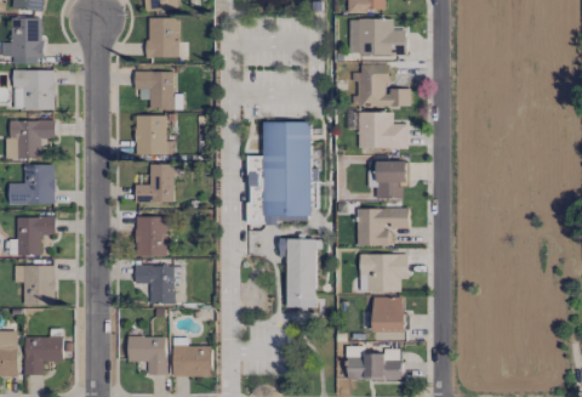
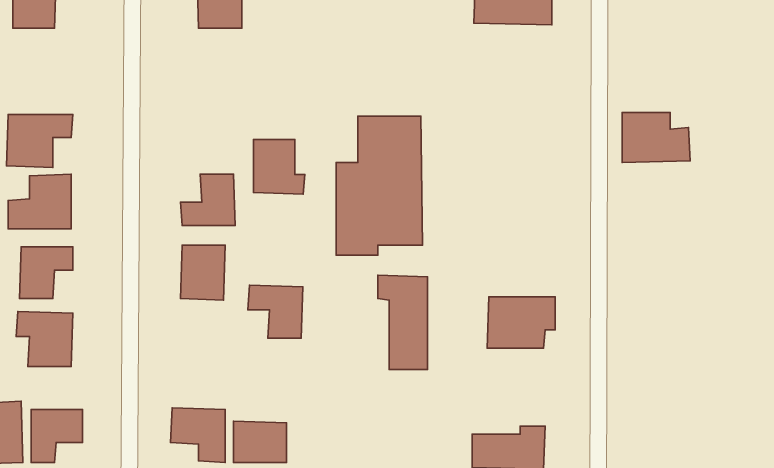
building: [359,63,411,107] -> none
building: [13,70,56,109] -> none
building: [136,70,175,109] -> none
building: [359,112,409,148] -> [622,113,690,162]
building: [136,115,173,155] -> [253,140,305,194]
building: [369,160,406,198] -> none
building: [356,208,410,246] -> none
building: [135,265,175,304] -> [248,285,303,338]
building: [373,296,405,333] -> none

